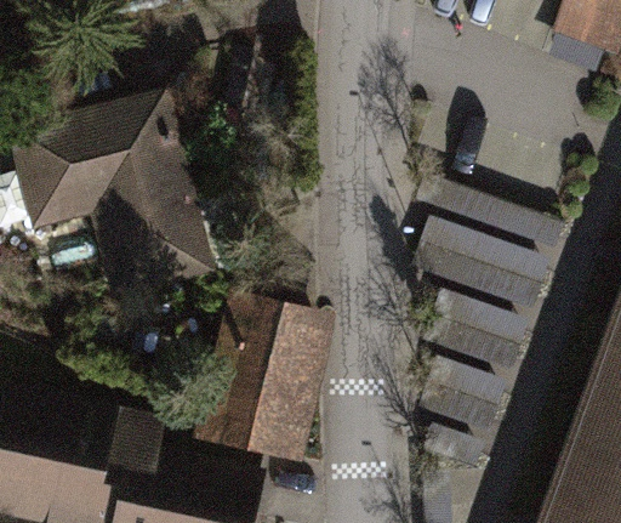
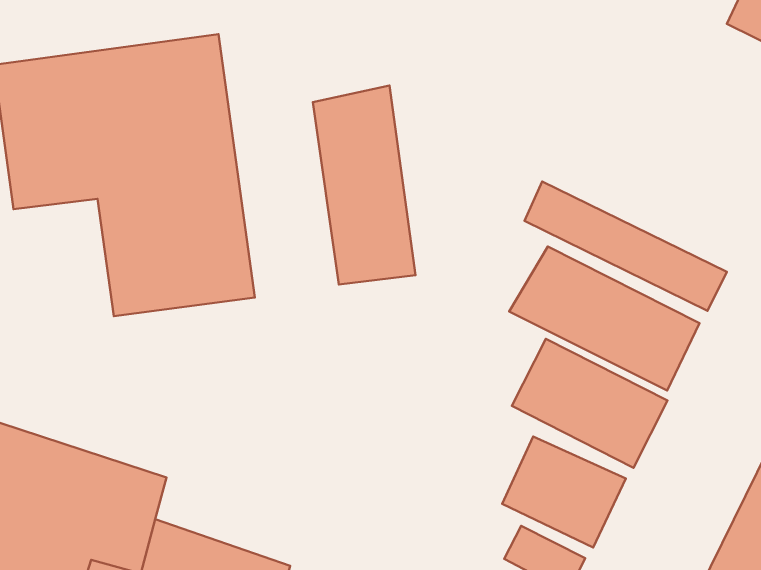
building: none -> [313,85,416,284]
building: [200,289,340,462] -> none

